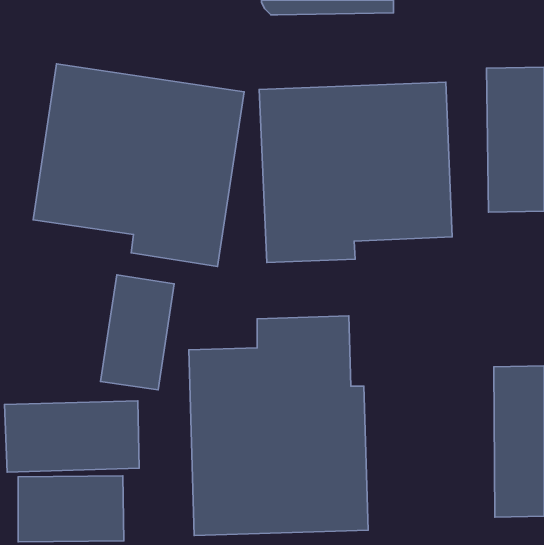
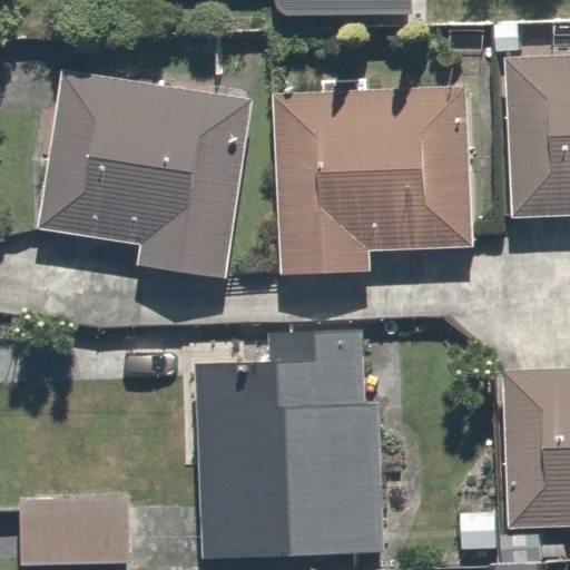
building: [101,275,174,390] -> none
building: [4,401,139,472] -> none

